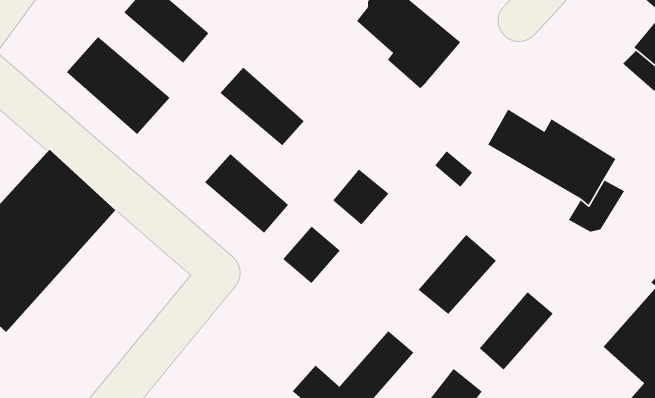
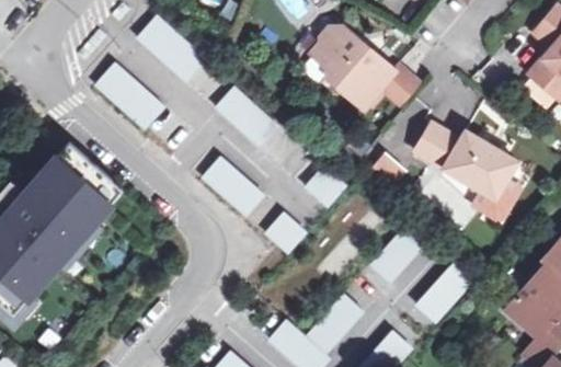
building: none -> [369,62,422,104]

